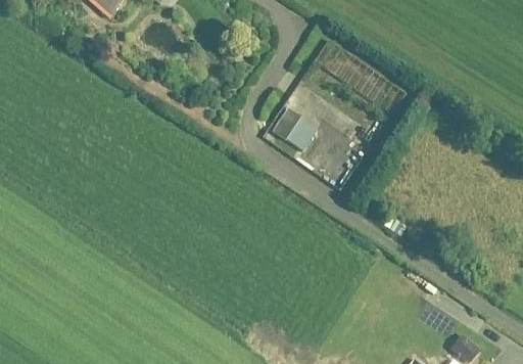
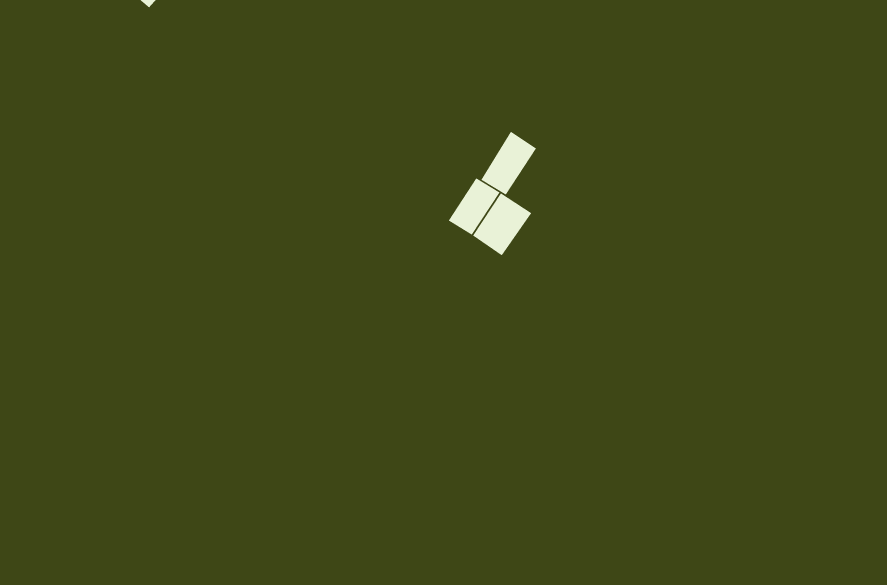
building: none -> [480,131,537,196]

